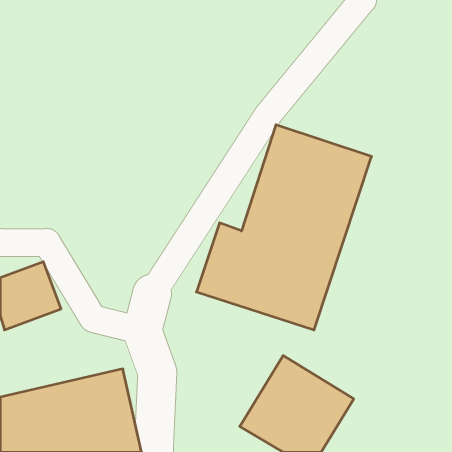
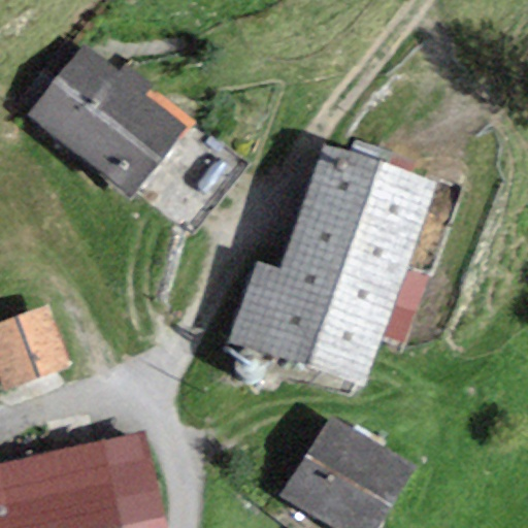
building: none -> [16,41,191,199]

